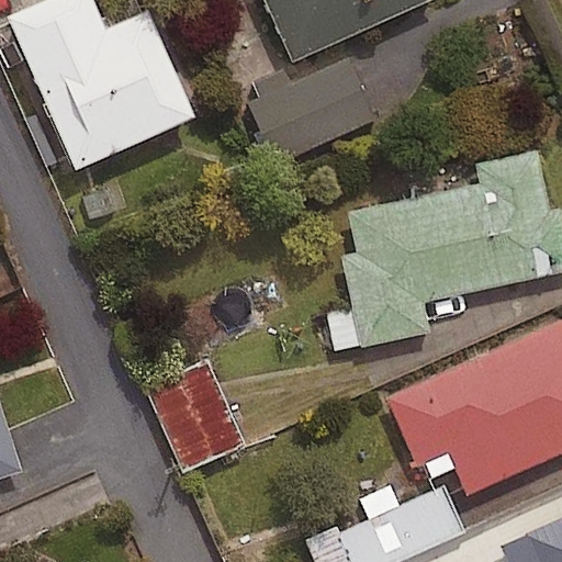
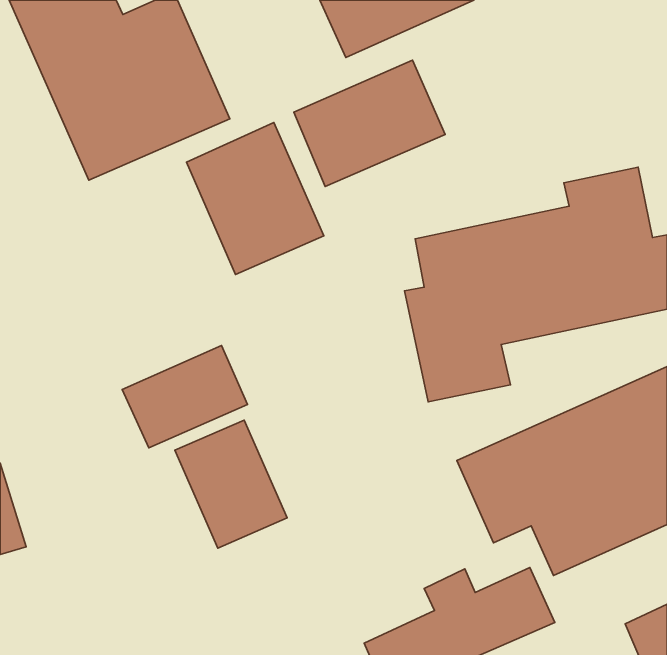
building: none -> [186,123,324,275]
building: none -> [122,345,247,448]

